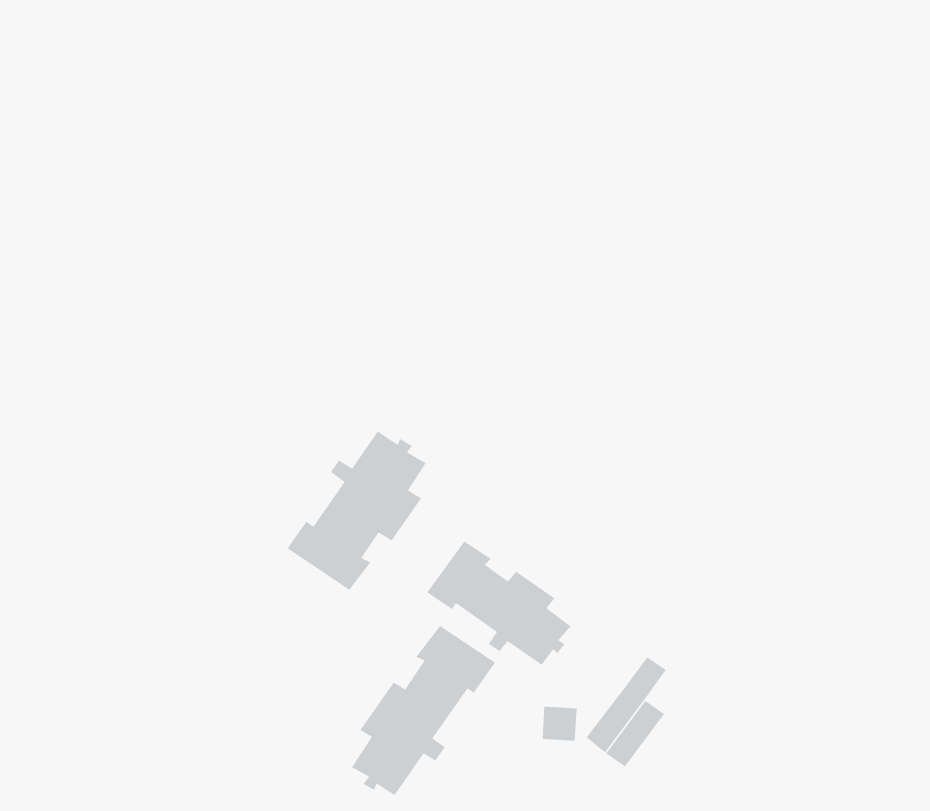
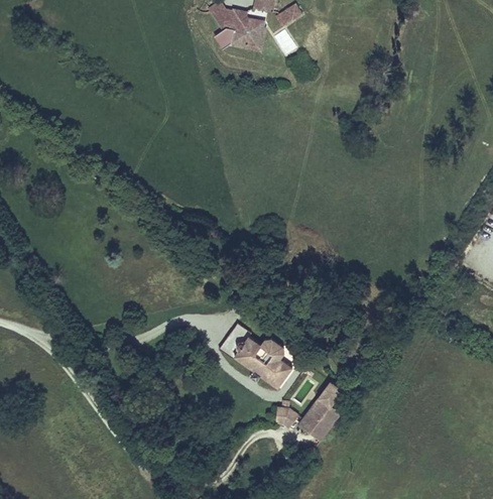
building: [287,430,427,591] -> none
building: [351,625,496,796] -> none

